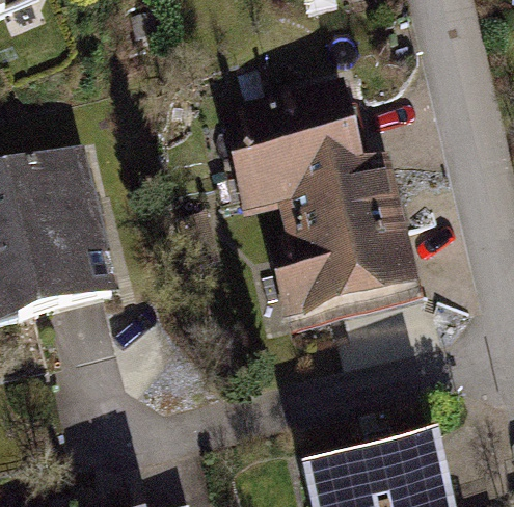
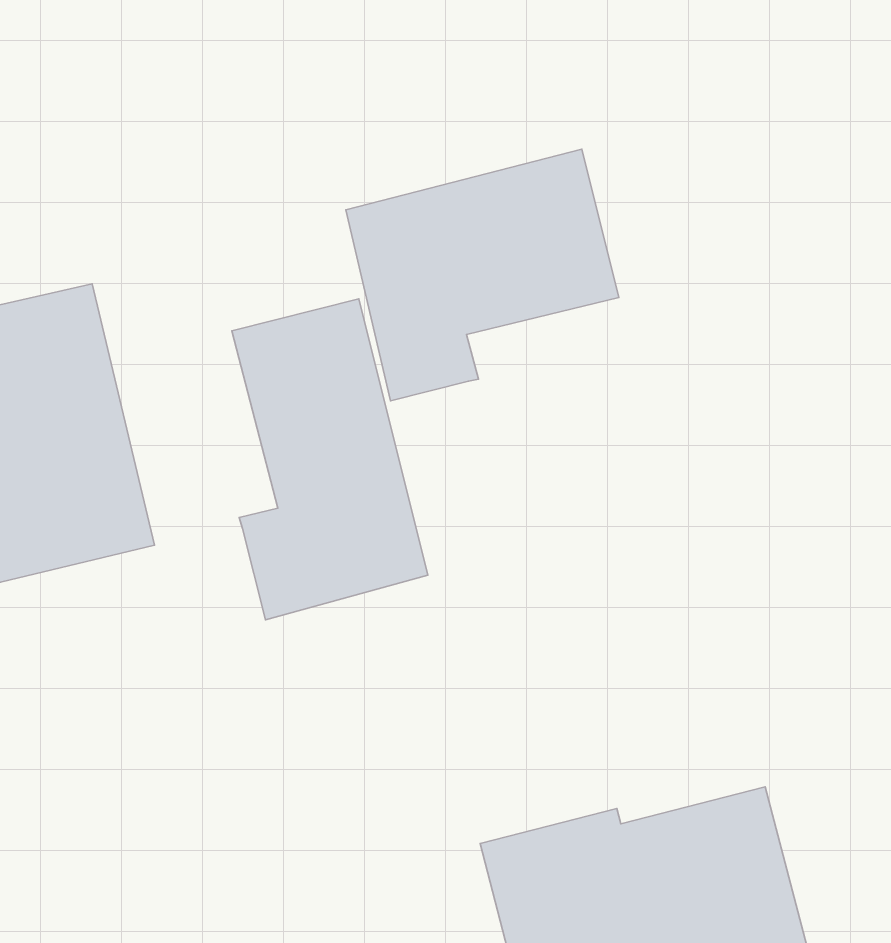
building: [269,155,425,324] -> none
building: none -> [232,299,428,620]

